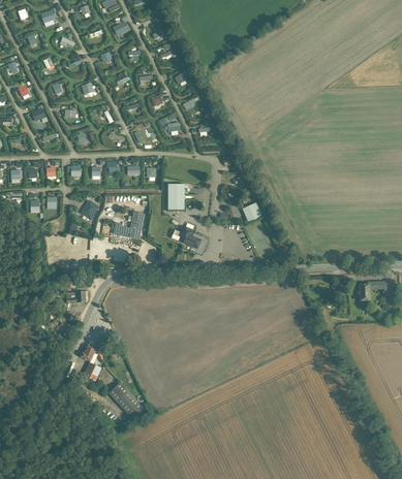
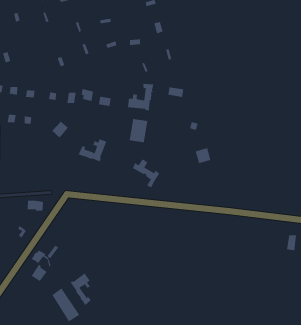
building: none -> [127,83,154,111]
building: none -> [70,272,92,306]

